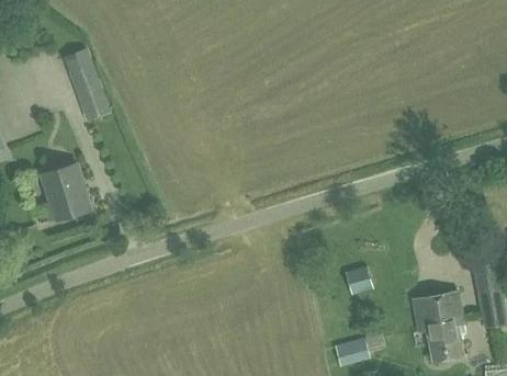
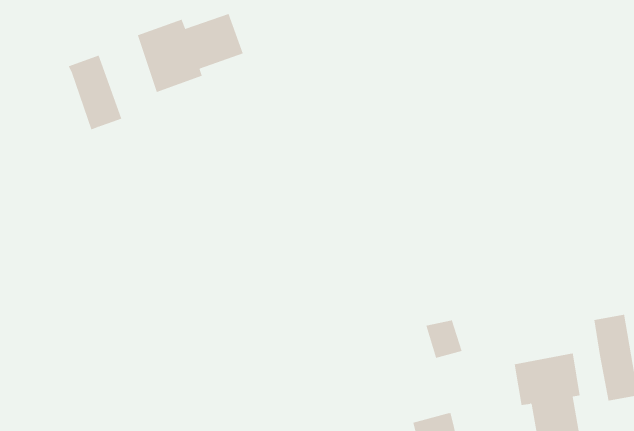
building: none -> [137,13,244,93]
building: [42,163,91,219] -> none

